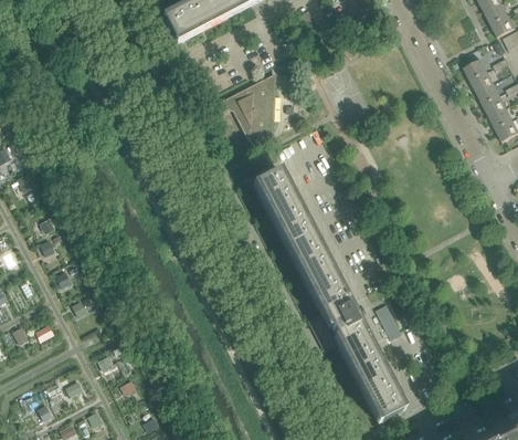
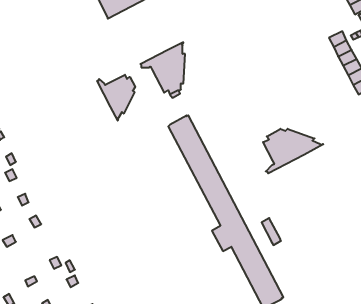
building: none -> [97,75,135,121]
building: none -> [263,129,323,173]

